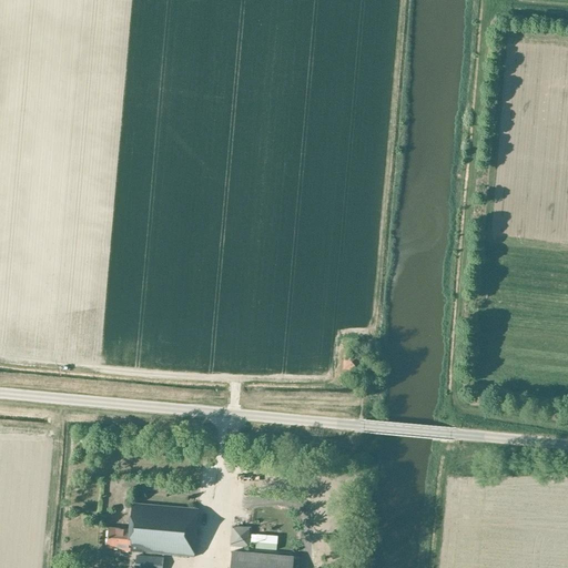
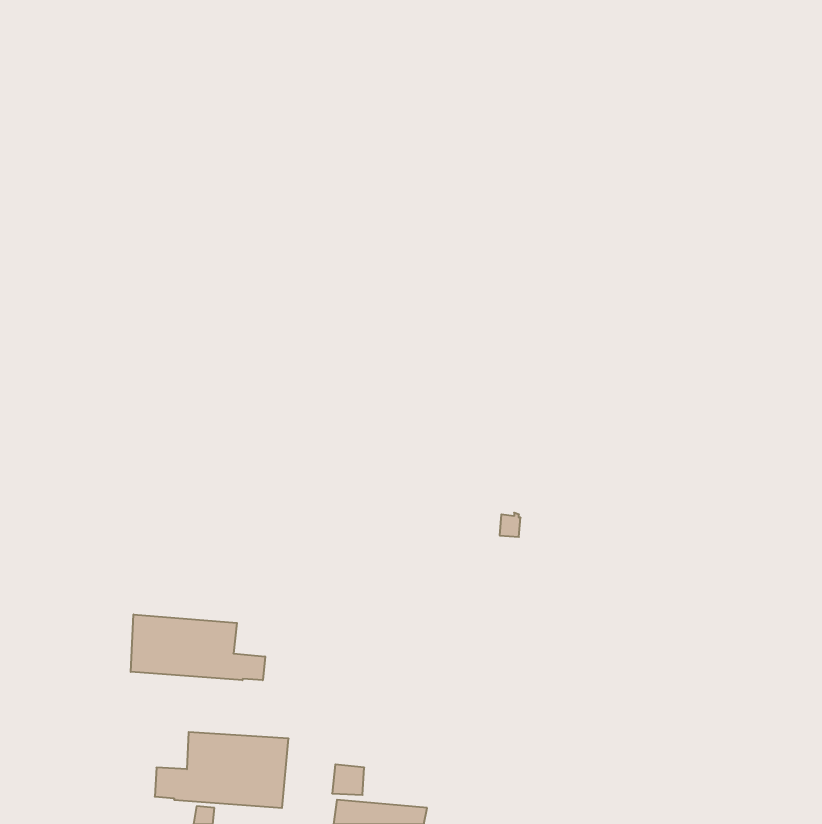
building: none -> [131,614,265,680]

